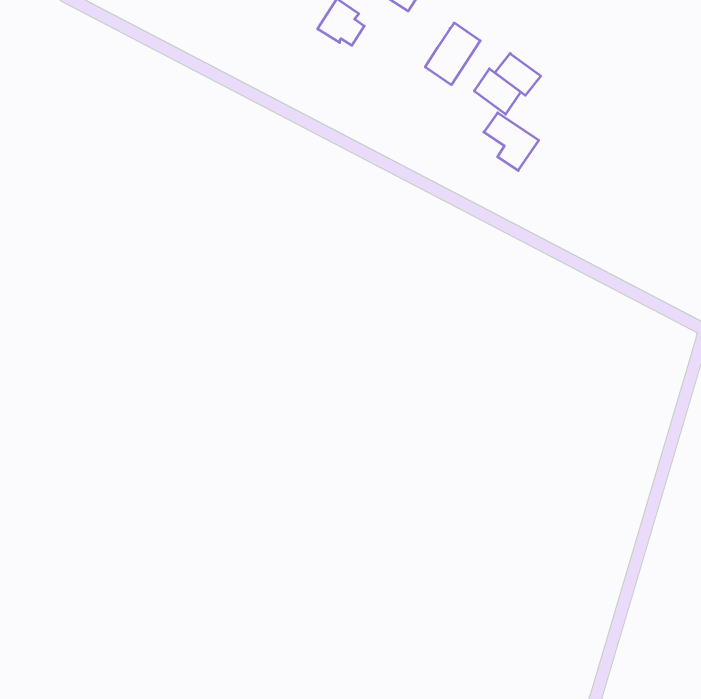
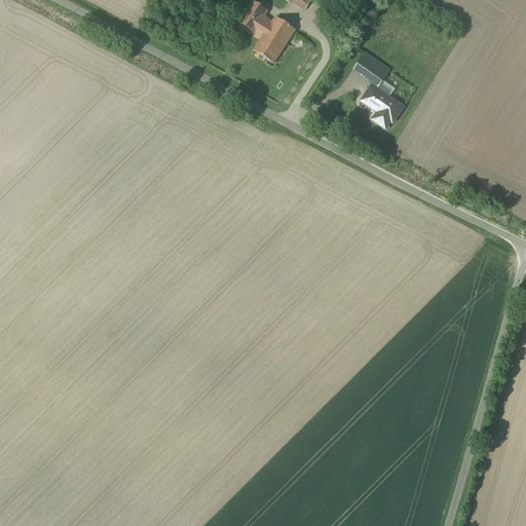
building: [425,23,480,85] -> [255,15,296,62]
building: [495,53,541,95] -> none

